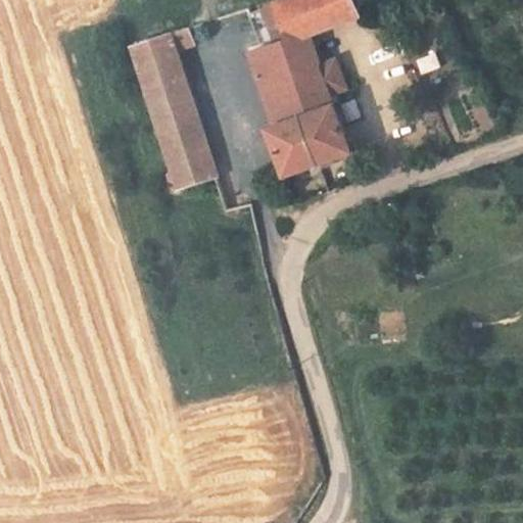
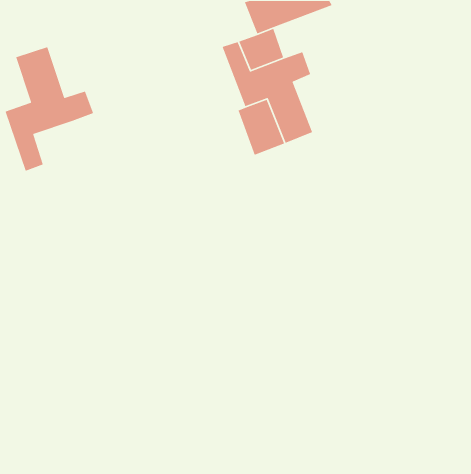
building: [129,34,243,210] -> none
building: none -> [4,46,94,172]

